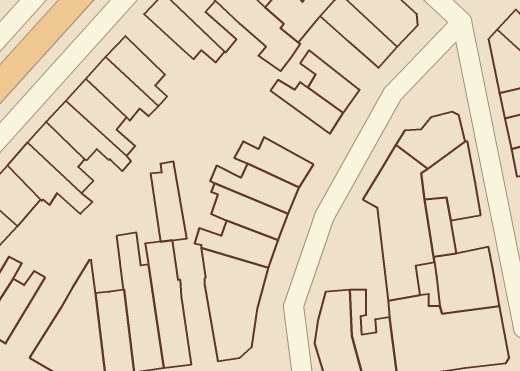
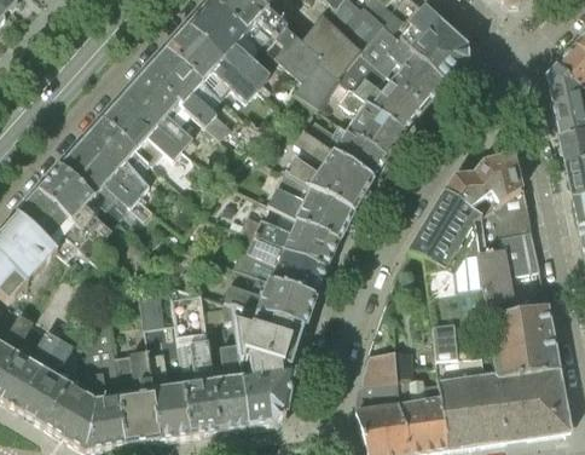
building: none -> [147,46,226,134]
building: none -> [337,48,425,129]
building: none -> [284,129,372,212]
building: [151,162,187,242] -> [209,344,249,432]
building: none -> [16,326,80,425]

